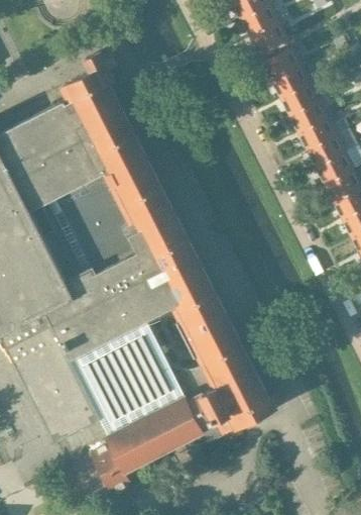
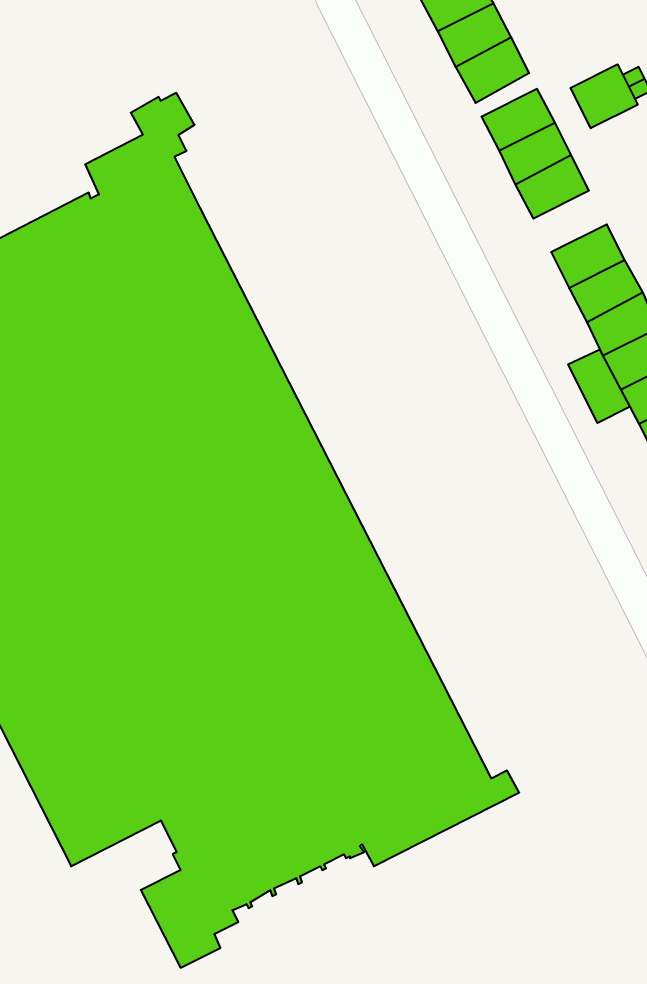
building: none -> [571,64,638,128]
building: [289,99,327,130] -> none
building: none -> [568,350,630,423]

